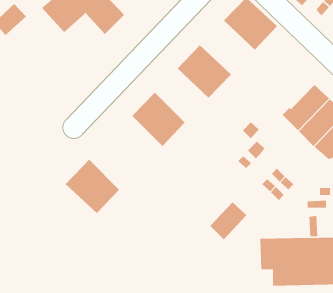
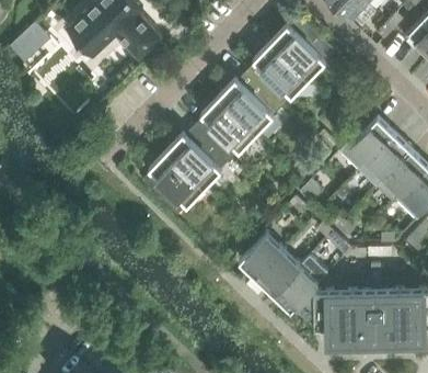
building: none -> [247,43,310,104]
building: none -> [196,98,257,159]
building: [65,159,120,214] -> [142,151,205,214]
building: none -> [240,231,285,276]
building: none -> [275,257,327,327]

